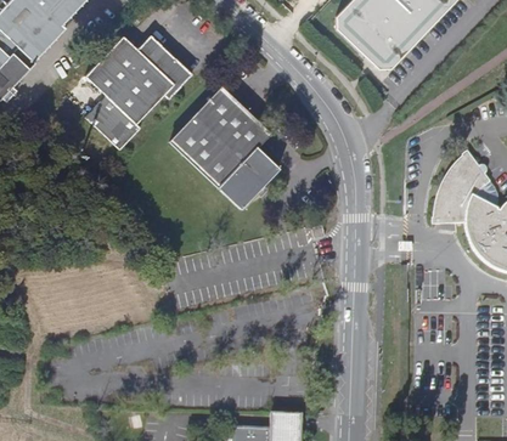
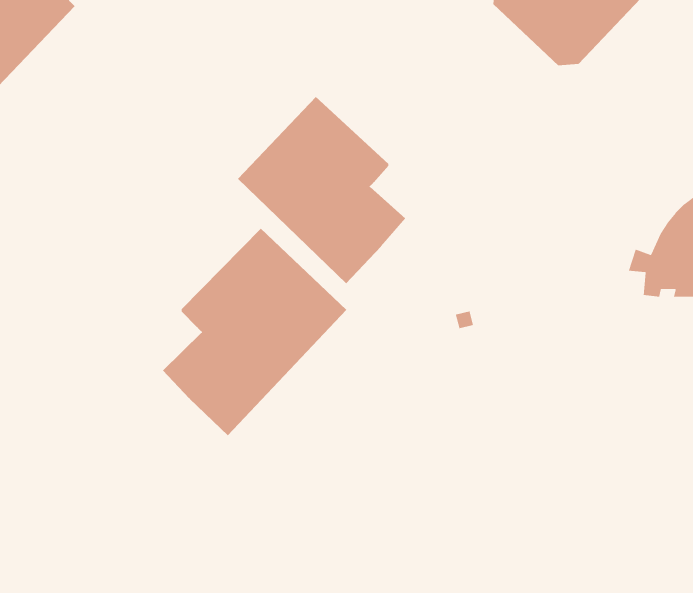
building: [85,34,192,149] -> none
building: none -> [162,228,347,436]

